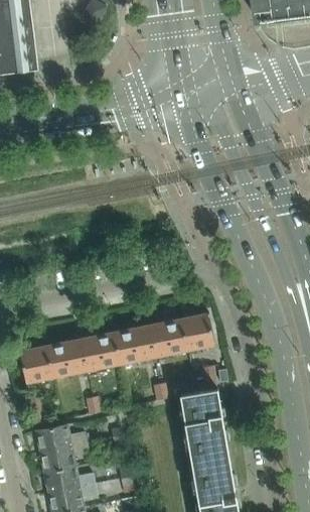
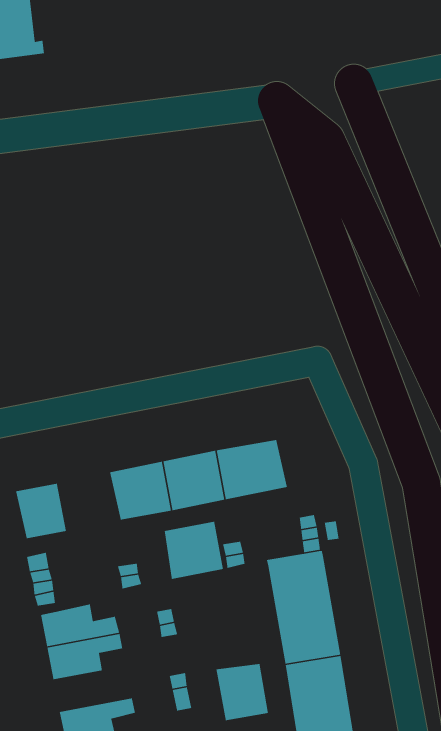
building: [187,312,214,349] -> none
building: [46,339,87,377] -> none
building: none -> [164,521,224,580]
building: none -> [216,663,269,721]
building: [43,467,95,493] -> none

